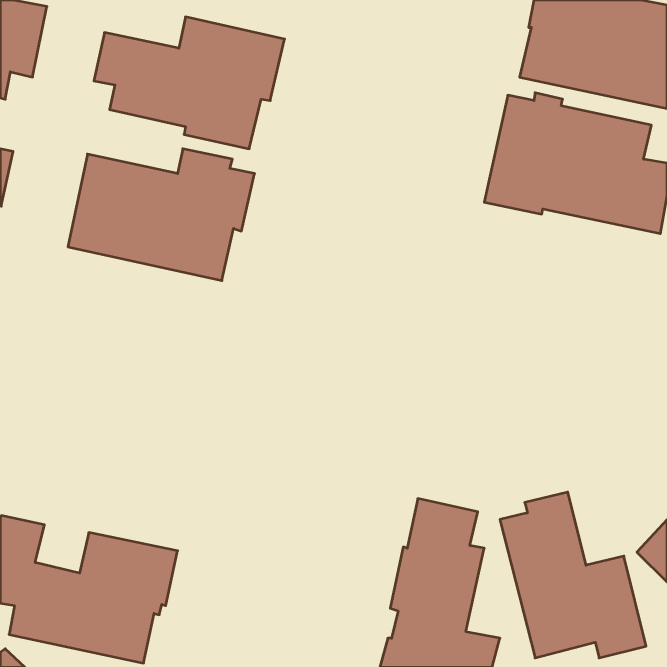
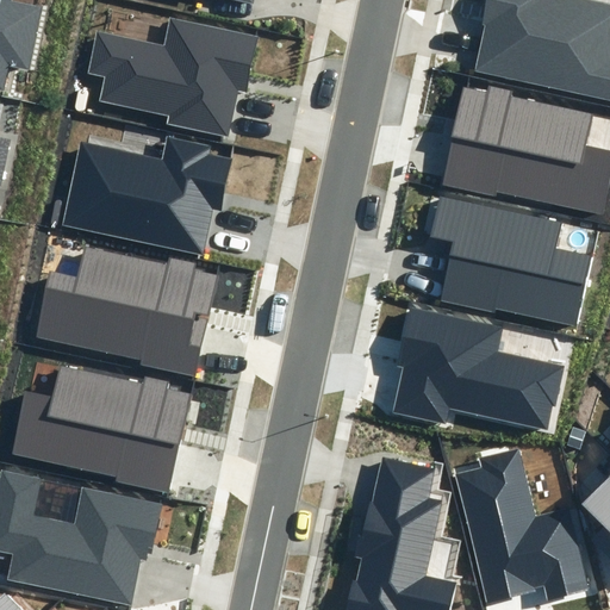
building: none -> [431,197,591,326]
building: none -> [38,247,218,378]
building: none -> [393,307,565,429]
building: none -> [11,367,192,493]

